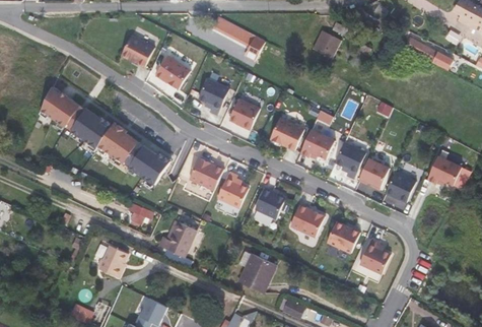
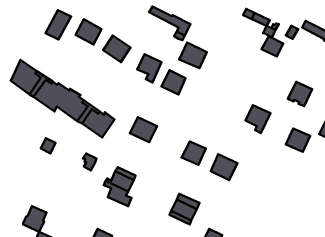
building: none -> [45,10,71,39]
building: [313,31,340,57] -> [261,36,283,57]
building: [269,117,303,149] -> [179,42,207,68]
building: [299,129,334,158] -> none
building: [358,158,389,189] -> [288,82,312,106]
building: [216,172,249,207] -> none
building: [327,221,359,251] -> none
building: [359,238,390,273] -> none
building: [98,245,128,277] -> [23,206,46,232]

